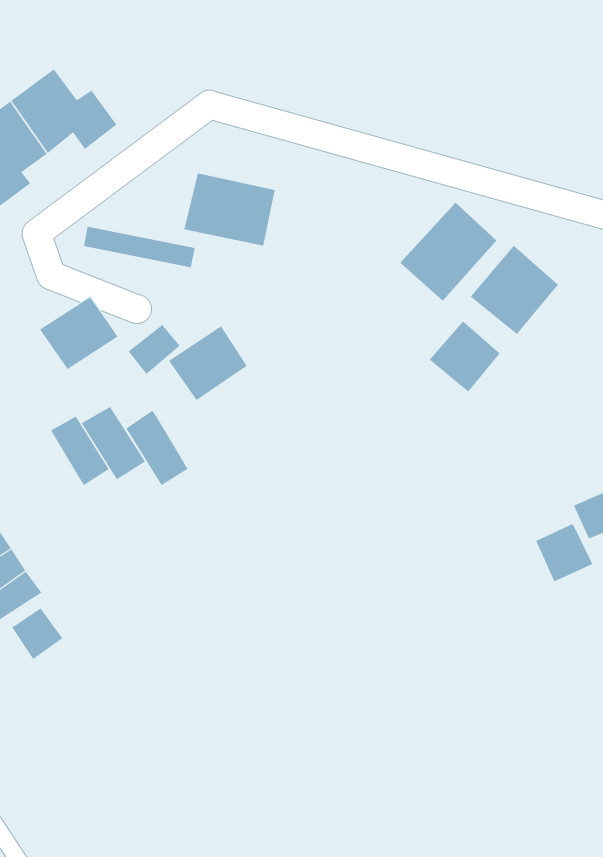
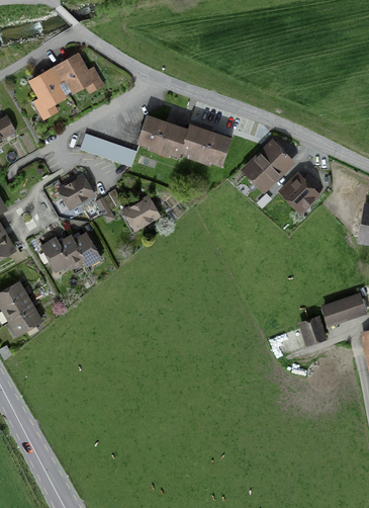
building: none -> [176,121,233,168]
building: [429,320,501,393] -> none
building: [125,410,189,486] -> [36,233,67,272]
building: [12,607,63,660] -> none

